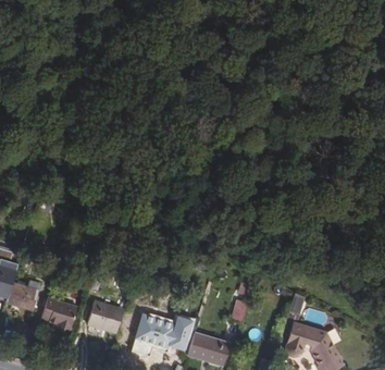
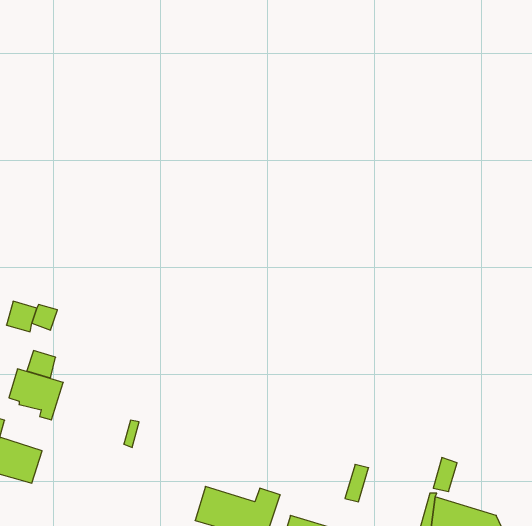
building: [42,297,77,330] -> [9,369,63,420]
building: [88,299,121,329] -> none

